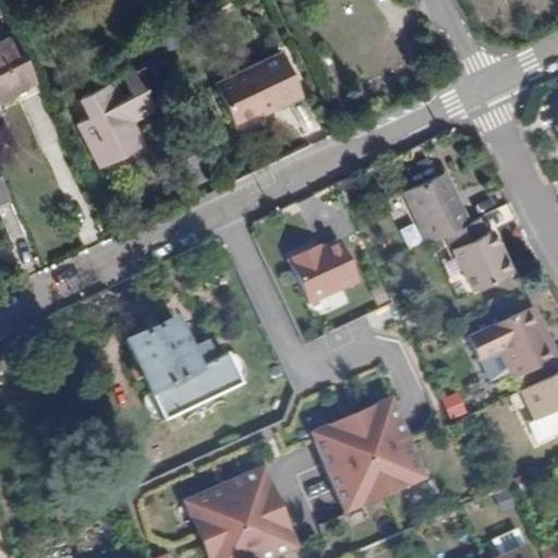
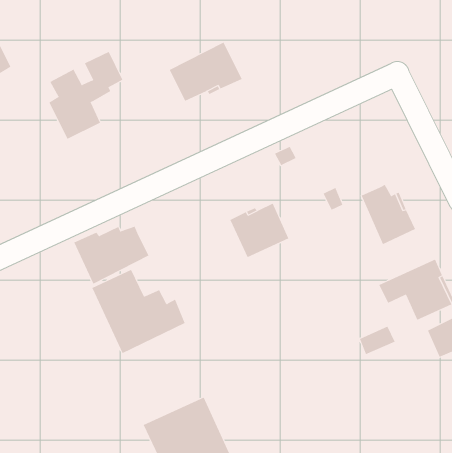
building: [403,170,465,240] -> none
building: none -> [74,226,149,284]
building: [313,398,427,512] -> none

